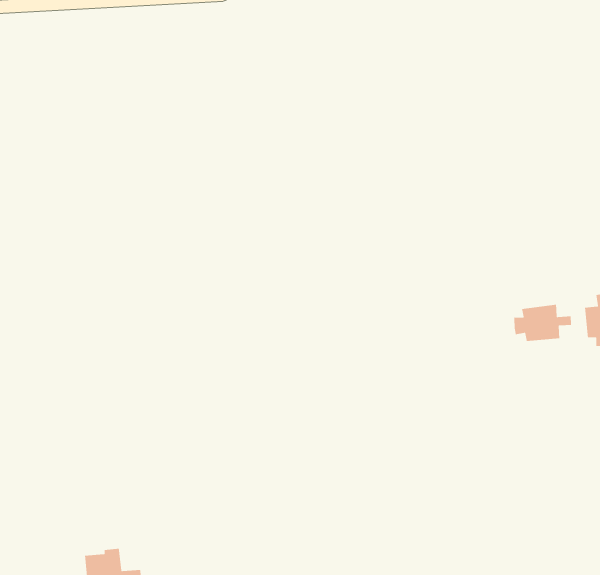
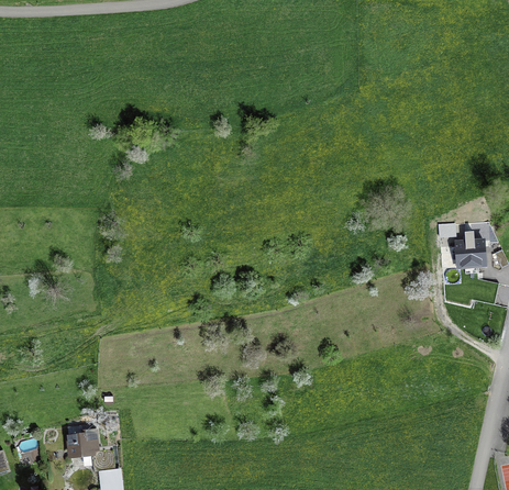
building: [513,304,572,342] -> none

